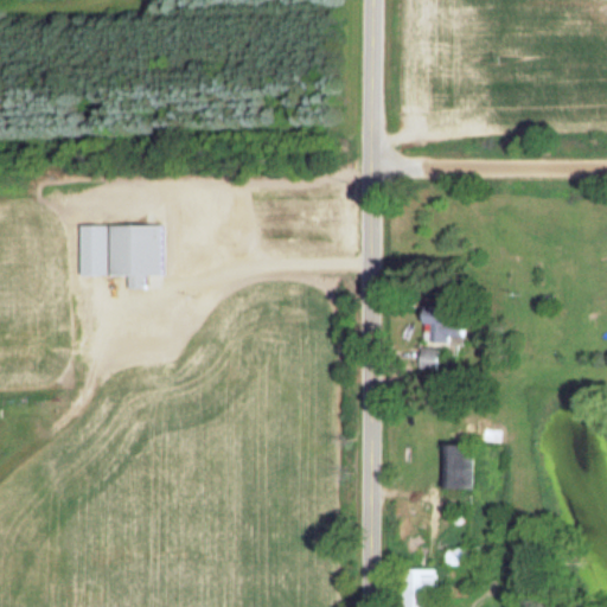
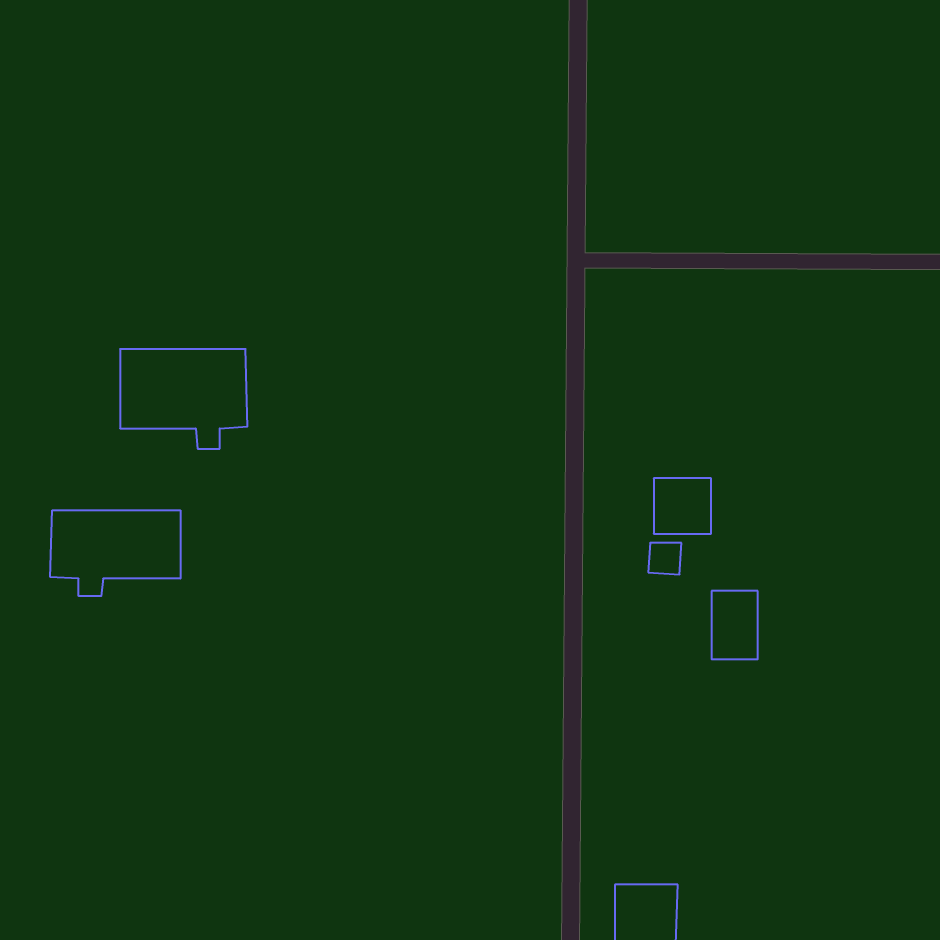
building: none -> [50,510,180,596]
building: [445,447,474,491] -> [712,591,758,659]

